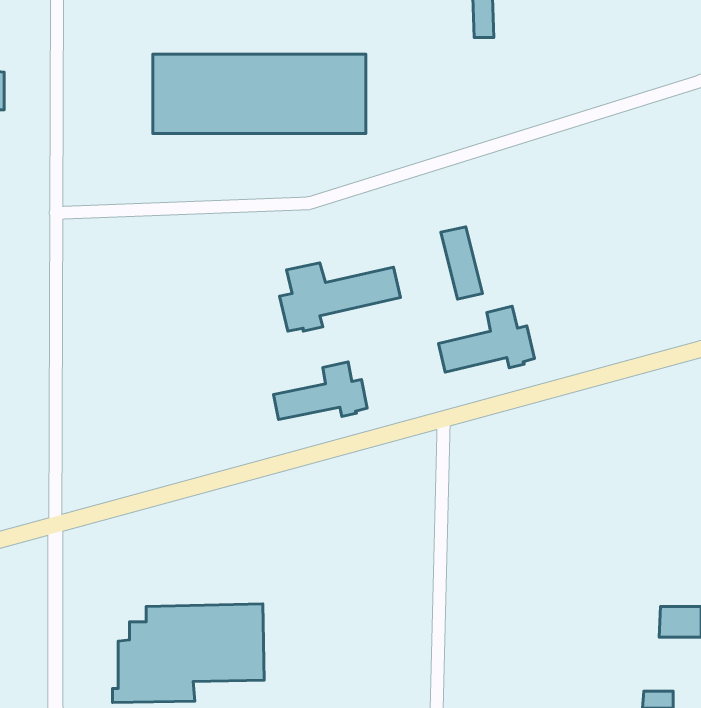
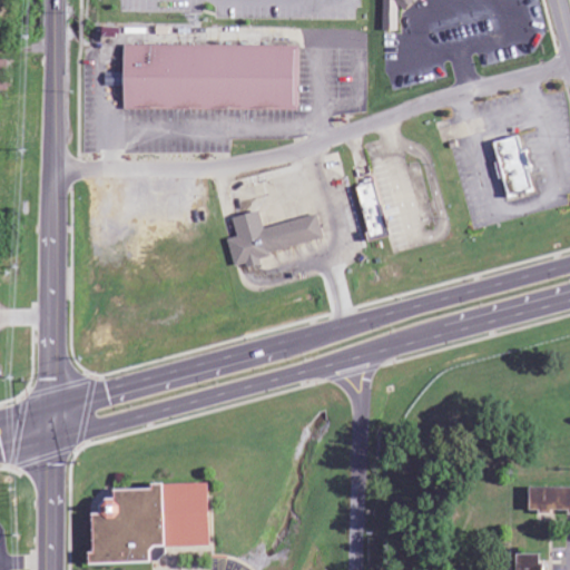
building: none -> [491,134,531,196]
building: [438,306,534,372] -> none
building: [273,362,367,420] -> none

